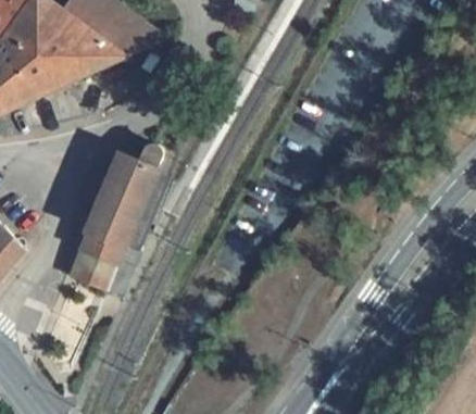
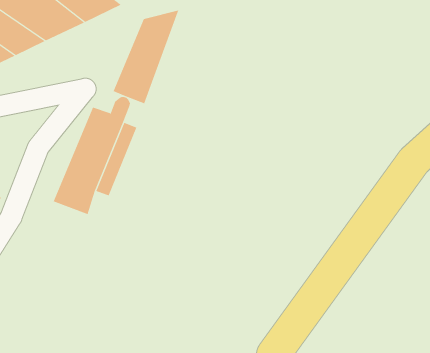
building: none -> [113,9,179,104]
building: [68,249,114,287] -> none

